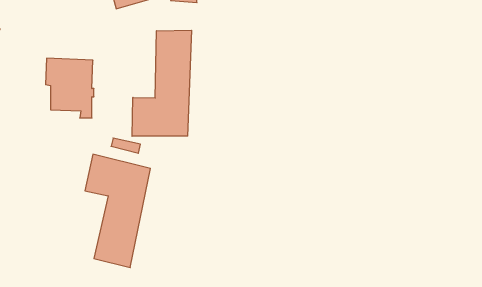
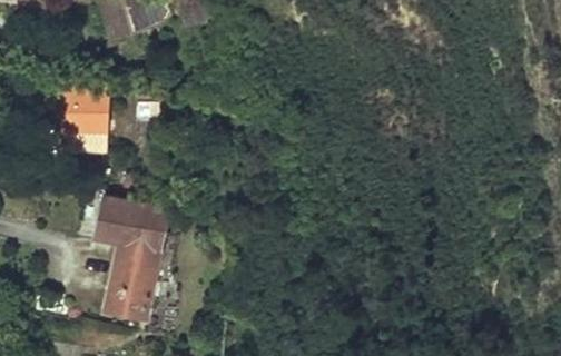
building: [132,30,192,136] -> none

